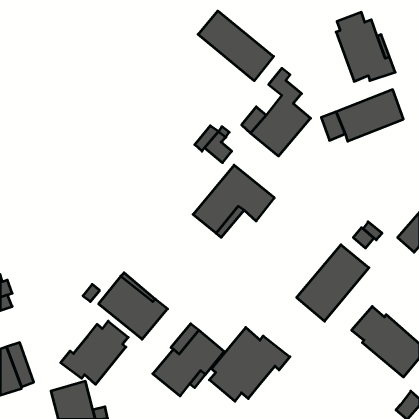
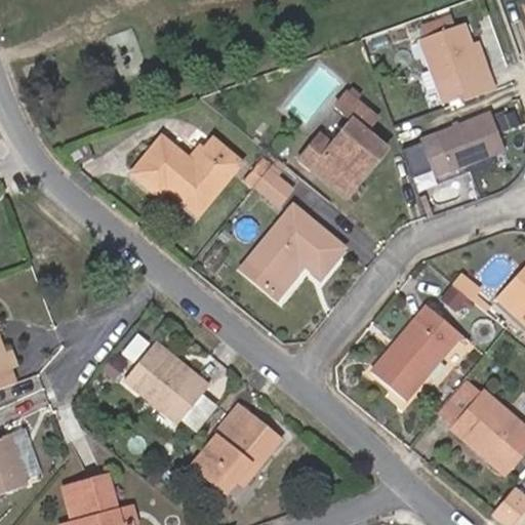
building: [198,11,274,81] -> none
building: none -> [131,136,242,214]
building: [61,321,128,384] -> none
building: [209,327,290,401] -> none

